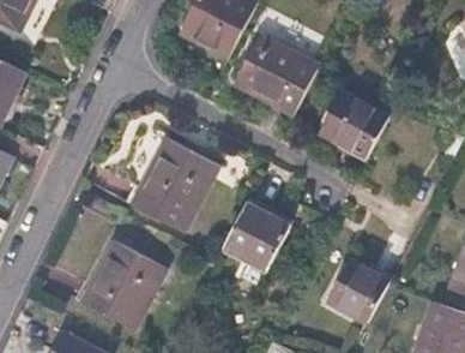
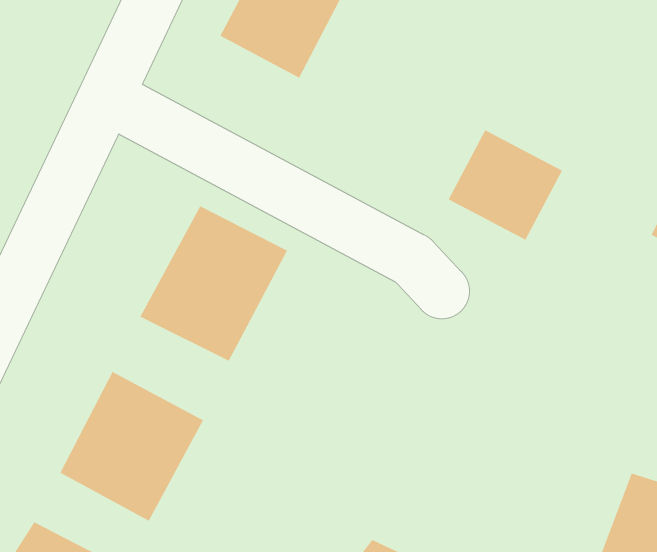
building: [234,34,320,114] -> none
building: [223,203,291,286] -> none
building: [328,259,391,323] -> none

